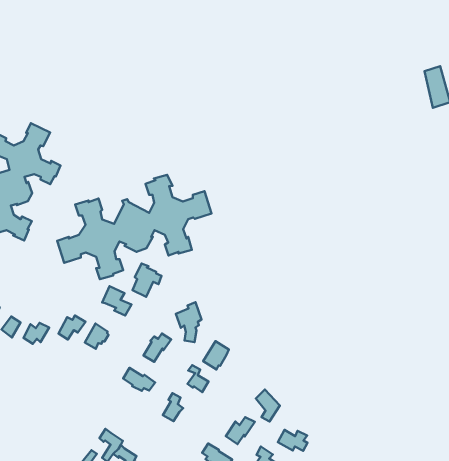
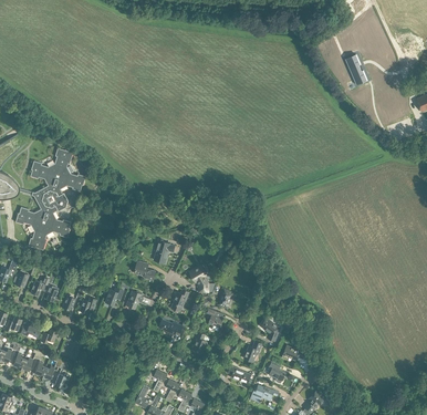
building: [57,175,212,279] -> none

